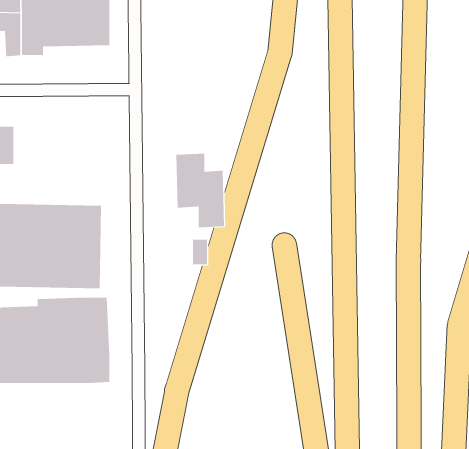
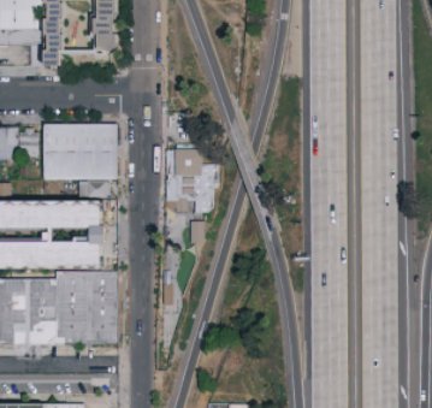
building: none -> [41,123,116,179]

